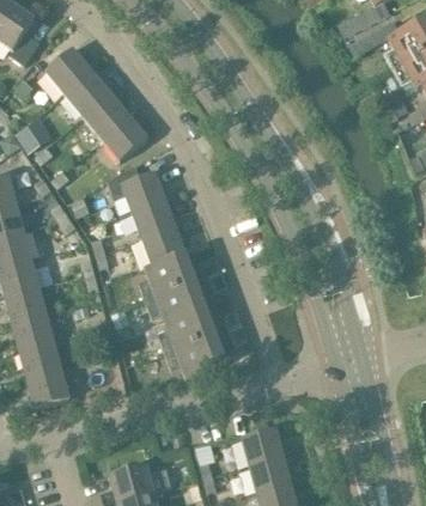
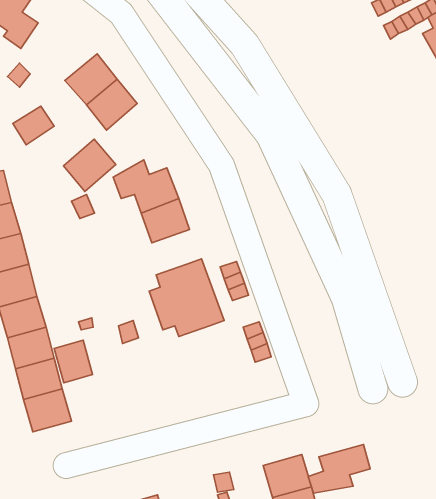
building: [44,47,92,93] -> none
building: [101,114,147,160] -> [64,139,116,191]
building: [141,226,185,267] -> none
building: [158,307,226,377] -> none
building: none -> [54,340,93,383]
building: none -> [308,444,370,493]

